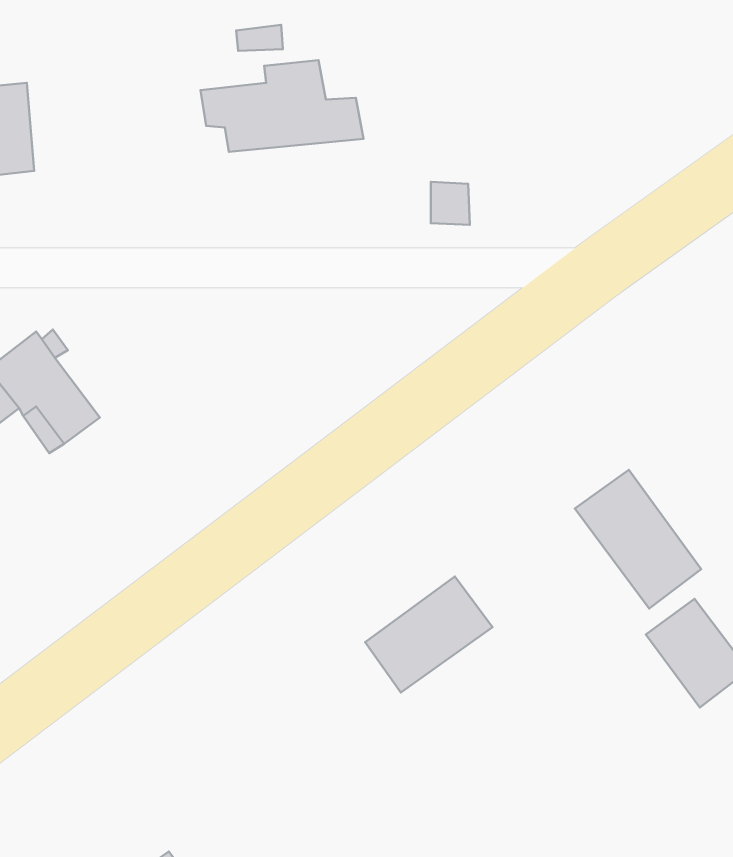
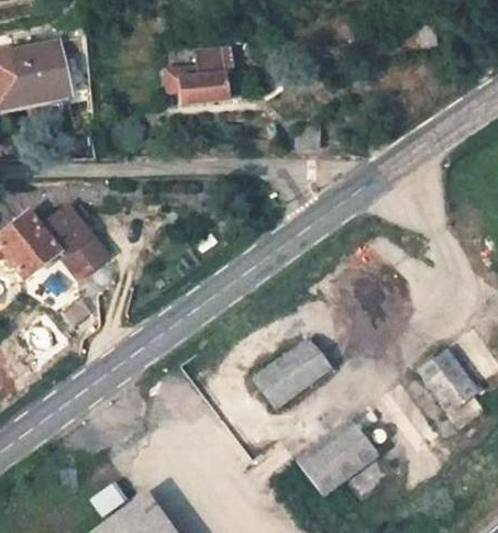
building: [575,470,701,609] -> none
building: none -> [298,422,379,498]

